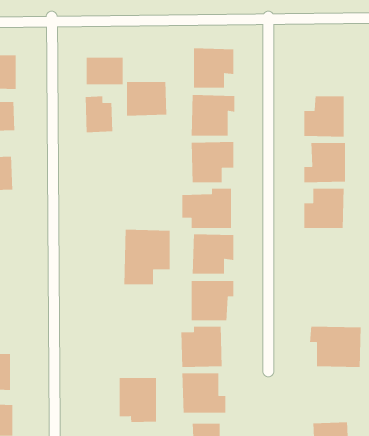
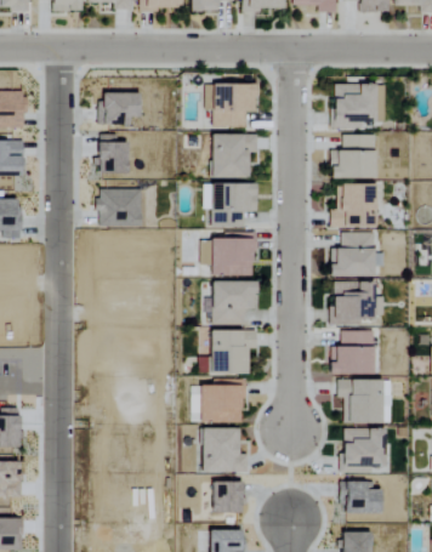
building: none -> [334,82,386,125]
building: [126,81,167,116] -> [98,188,142,226]
building: [123,229,171,285] -> none
building: none -> [332,281,382,324]
building: none -> [330,330,375,374]
building: none -> [343,427,385,468]
building: [119,377,157,423] -> none

